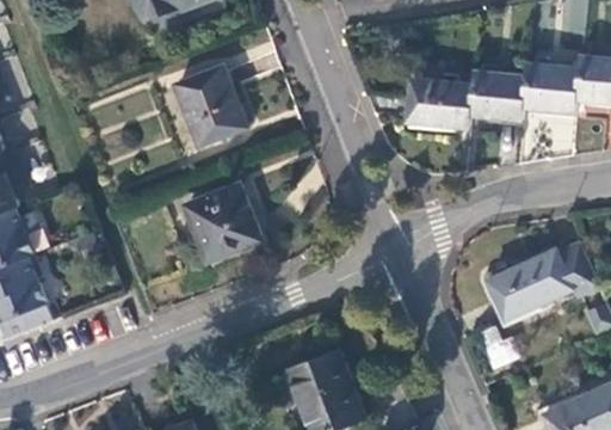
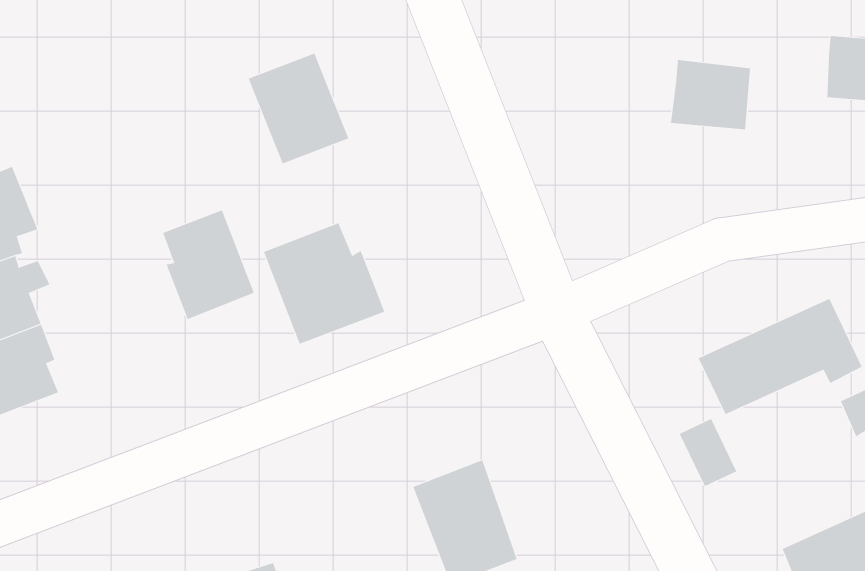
building: [520,64,576,111] -> none
building: [405,80,470,128] -> none
building: none -> [163,209,255,320]

